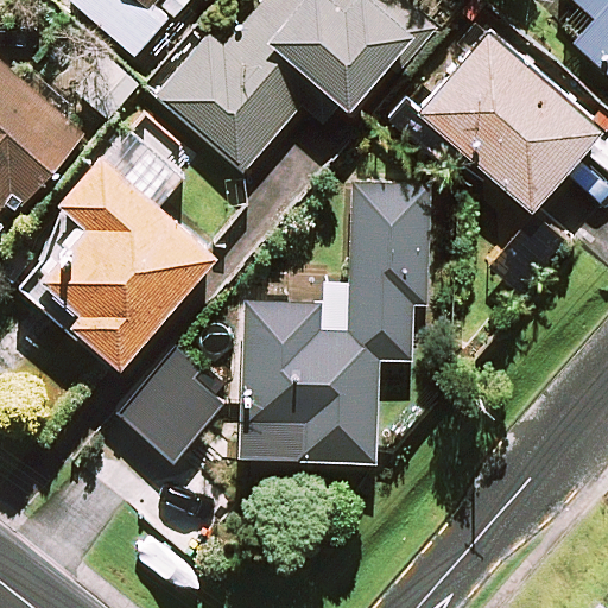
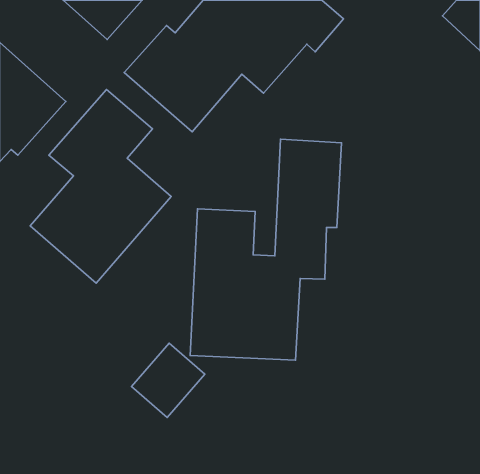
building: [416,30,598,207] -> none
building: [122,366,215,460] -> [131,343,205,418]

